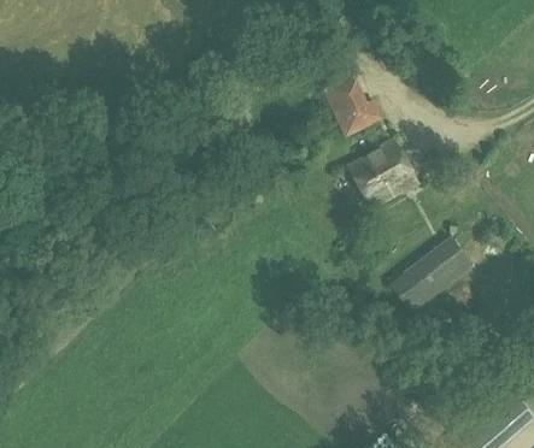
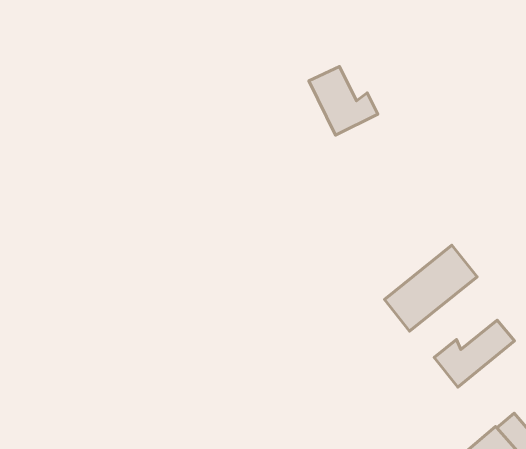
building: [347,138,418,207] -> none
building: none -> [434,320,515,387]

